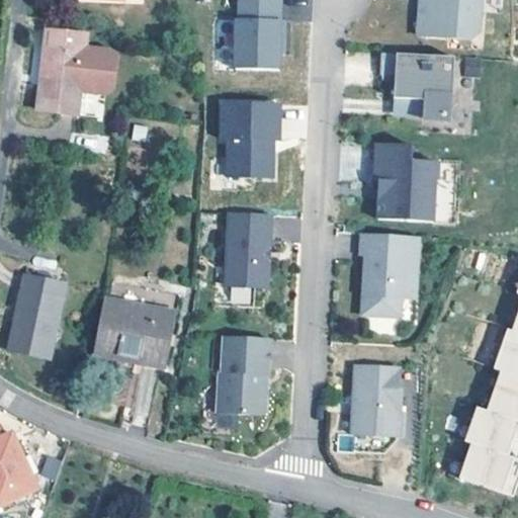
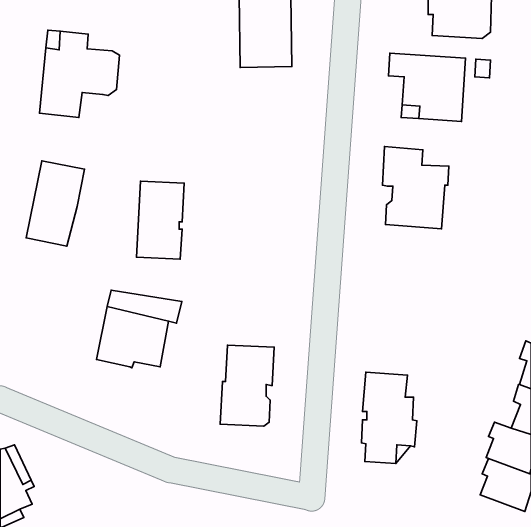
building: [221,95,278,174] -> none
building: [224,211,270,287] -> [136,181,184,259]
building: [358,233,417,317] -> none
building: [6,275,63,358] -> [26,161,84,246]

